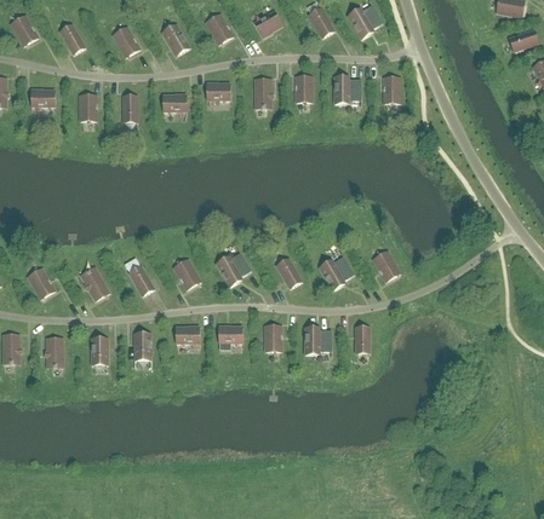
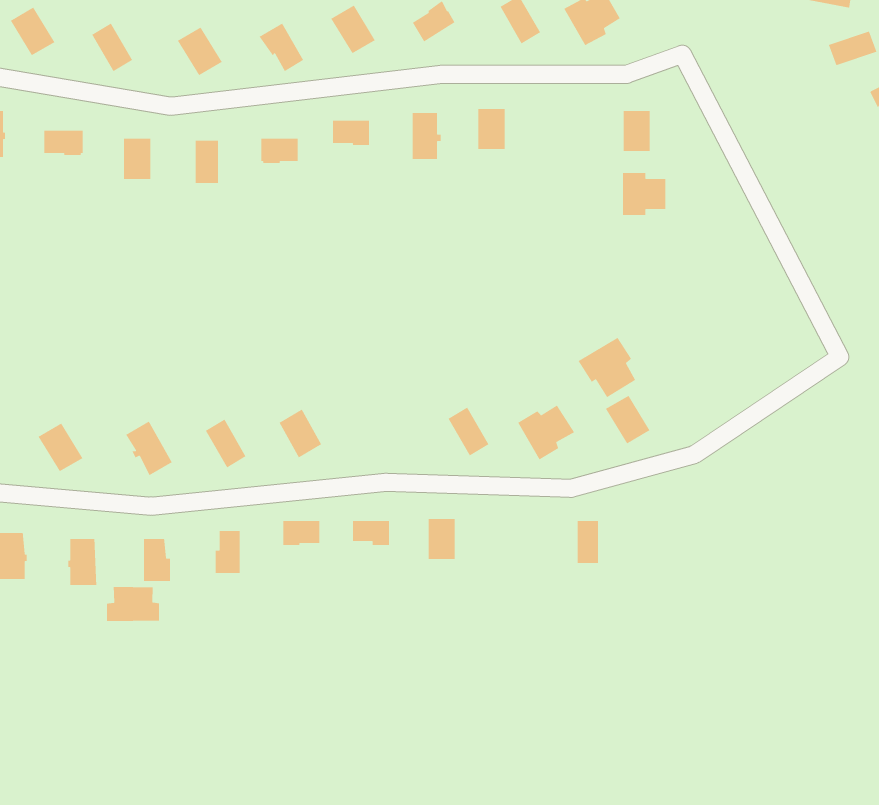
building: [333,76,360,103] -> [622,172,666,216]
building: none -> [578,337,636,398]
building: [216,253,251,287] -> none
building: [304,327,331,353] -> none
building: none -> [106,586,160,622]

